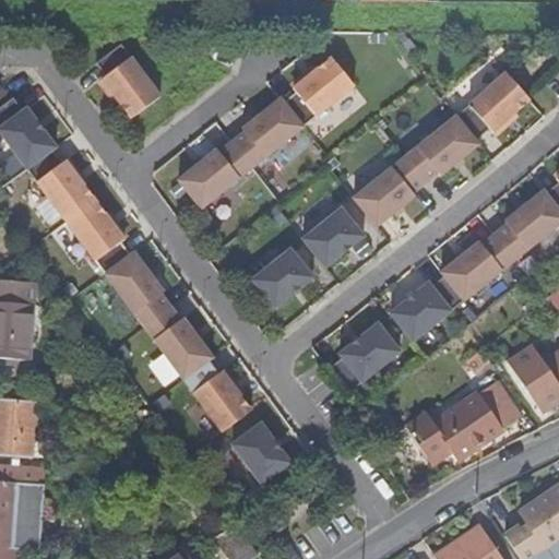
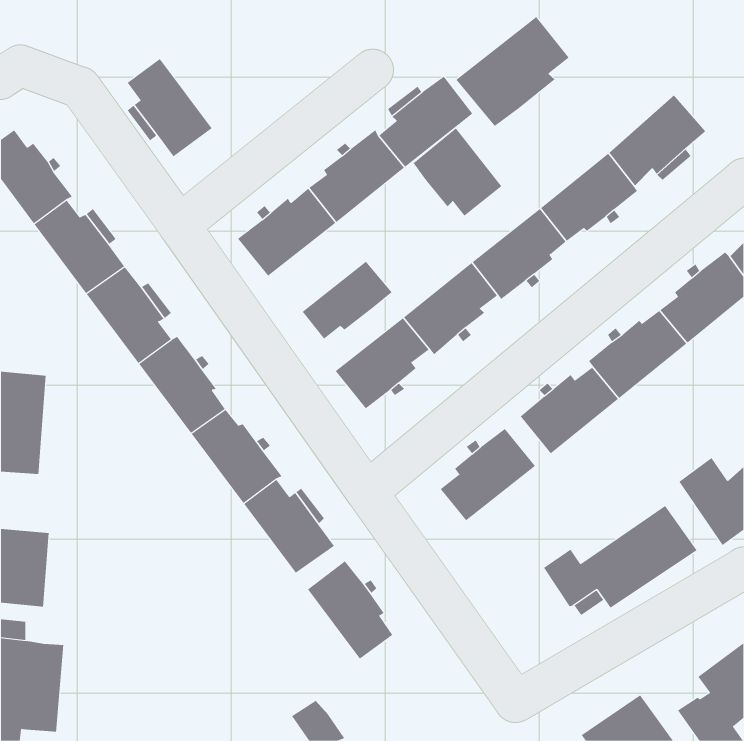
building: none -> [455,16,569,127]
building: none -> [413,127,502,216]
building: none -> [302,261,393,339]

